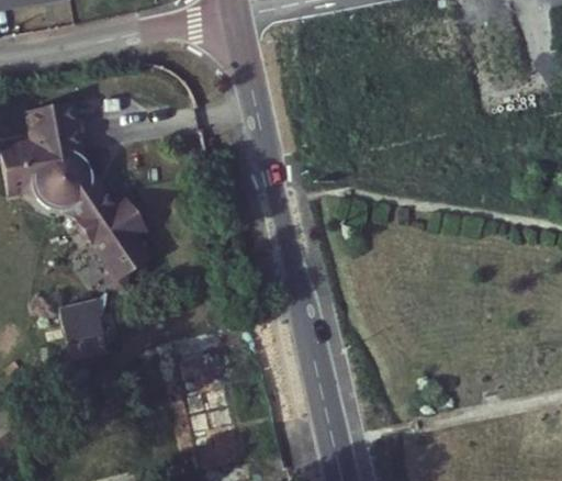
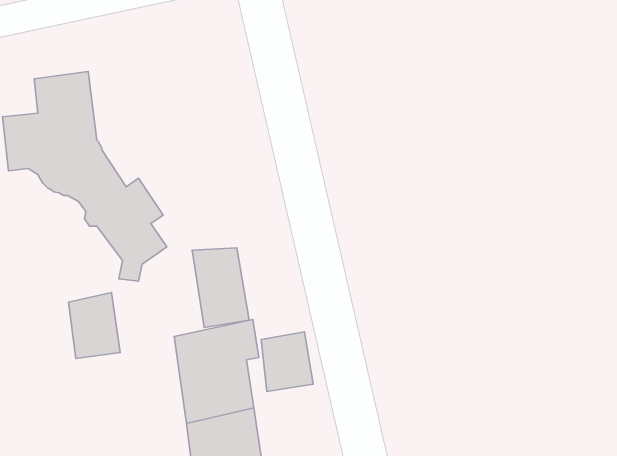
building: none -> [192,248,249,327]
building: none -> [261,332,313,391]

